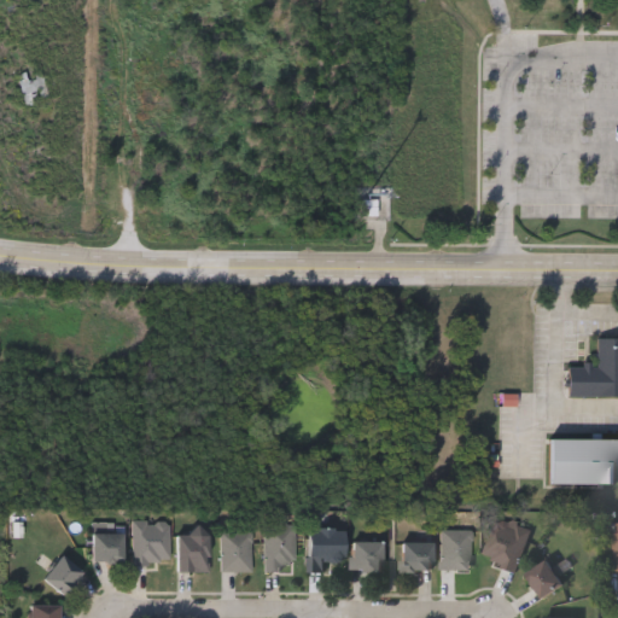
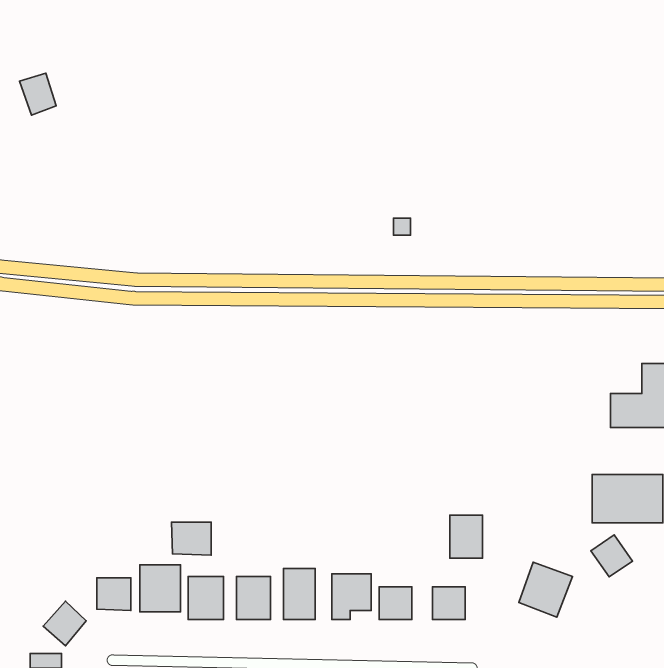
building: none -> [172,522,211,555]
building: [442,530,472,570] -> [450,515,483,558]
building: [527,561,566,600] -> [591,535,633,577]

